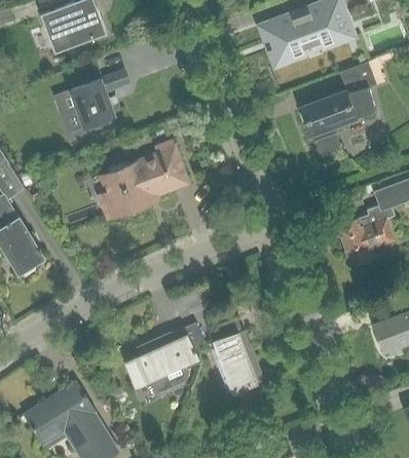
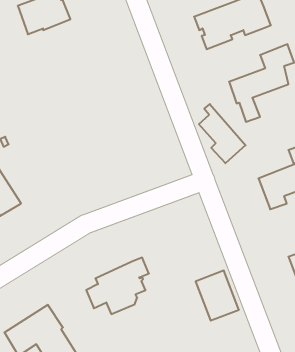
building: [53,70,127,128] -> none
building: none -> [199,104,246,163]
building: [100,140,187,219] -> none
building: [209,333,262,394] -> [196,271,239,321]

